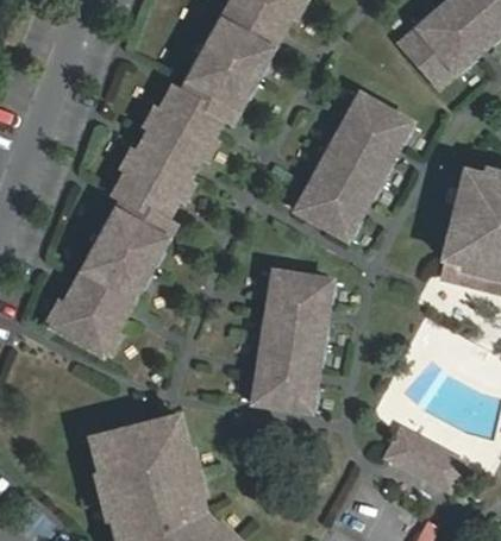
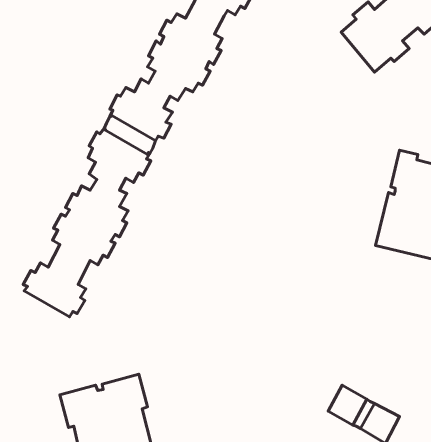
building: [290,92,413,240] -> none
building: [248,271,334,413] -> none

